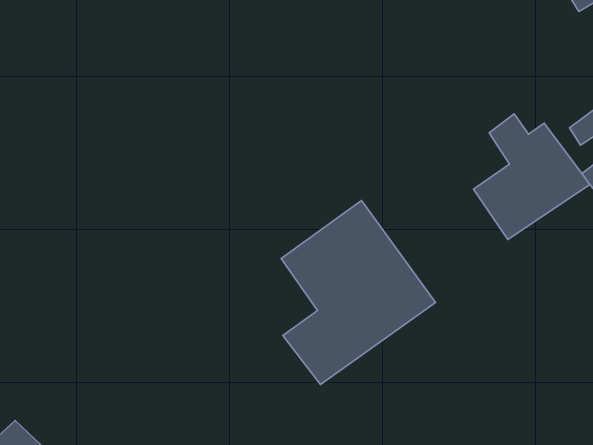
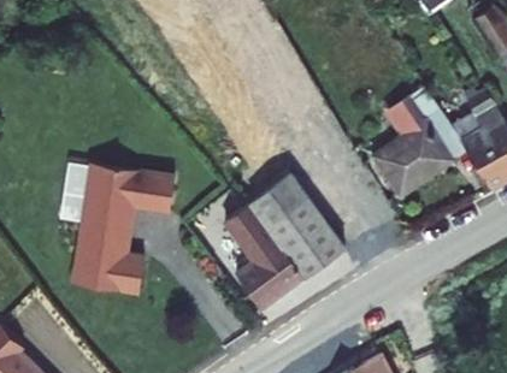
building: none -> [63,172,164,307]

